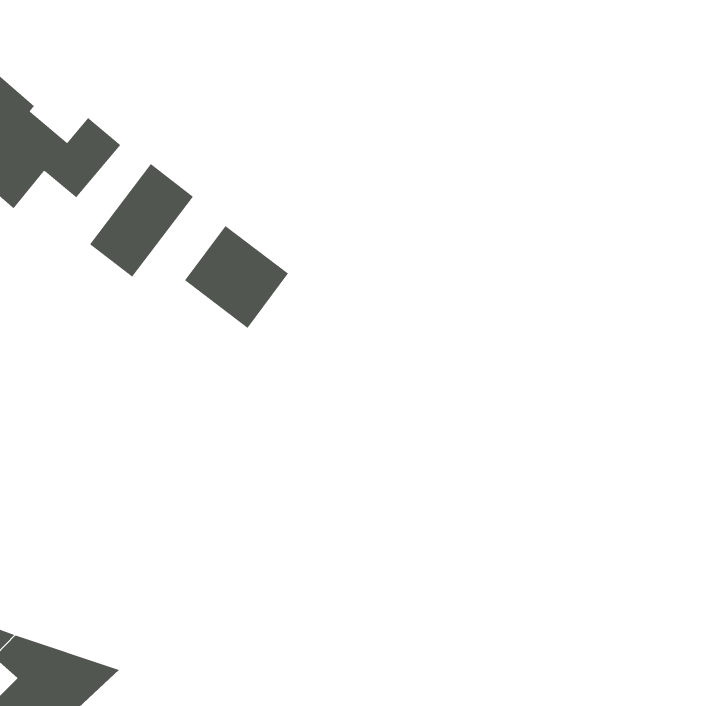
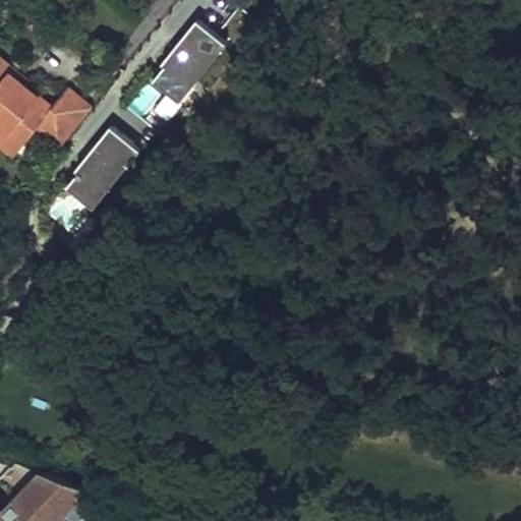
building: none -> [124,19,228,132]
building: [184,225,289,329] -> none

